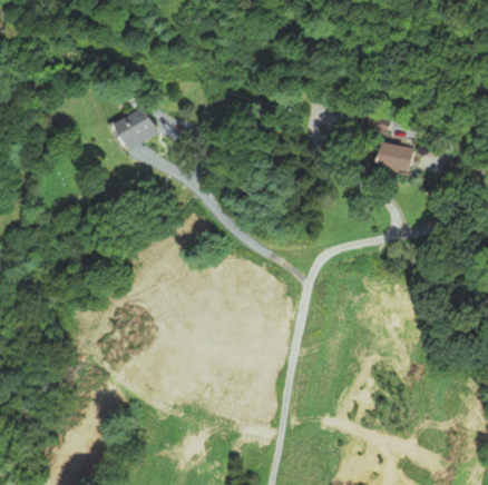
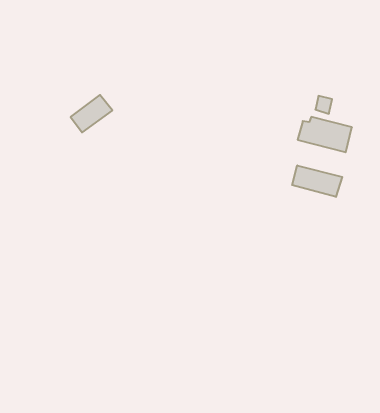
building: none -> [292,165,342,197]

